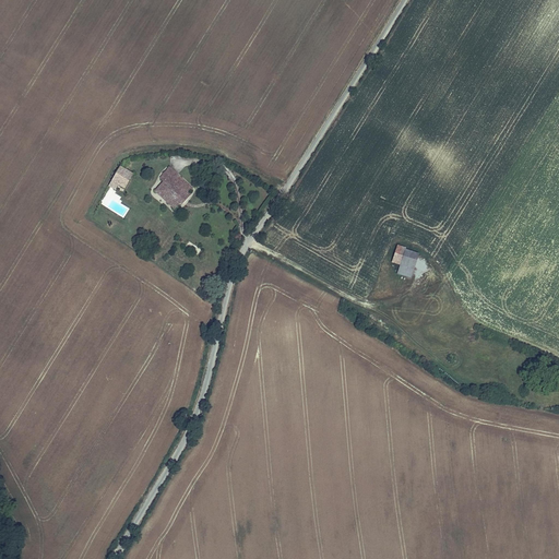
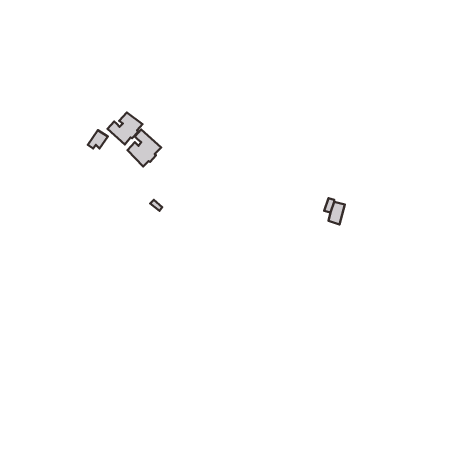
building: none -> [107,113,142,144]

